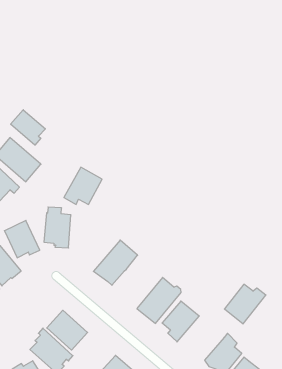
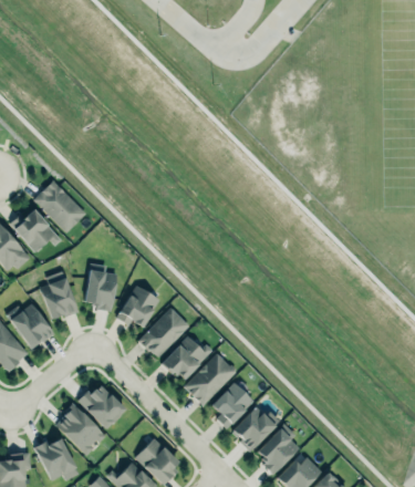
building: [11,110,45,145] -> none
building: [64,167,102,204] -> [114,284,159,328]
building: none -> [162,335,211,382]
building: [224,284,266,324] -> [230,406,279,452]

